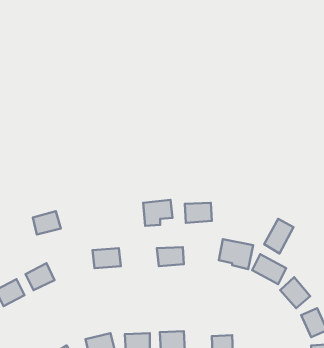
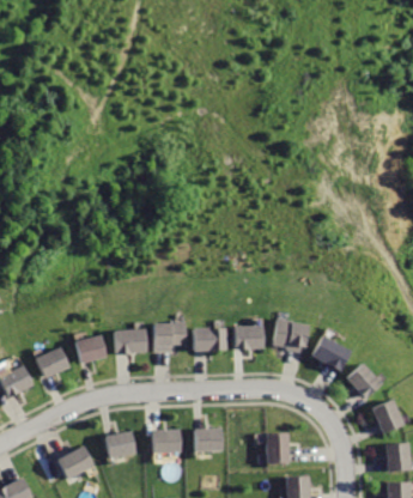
building: [143,200,172,226] -> [154,320,189,351]
building: [185,203,212,223] -> [230,324,262,348]
building: [33,211,61,234] -> [77,334,110,362]
building: [264,219,293,253] -> none

